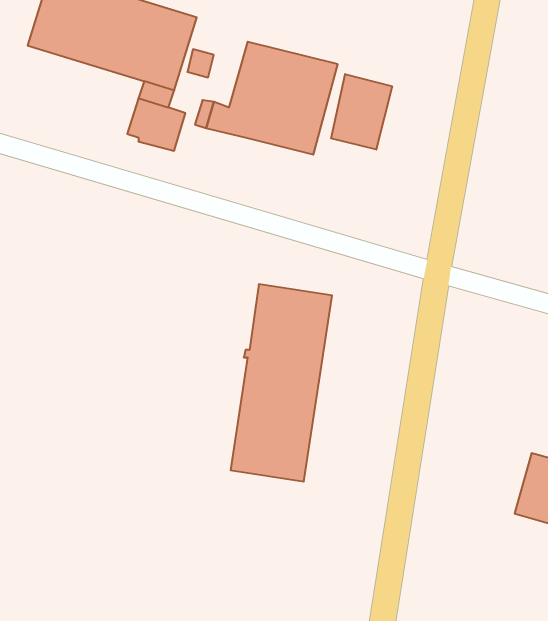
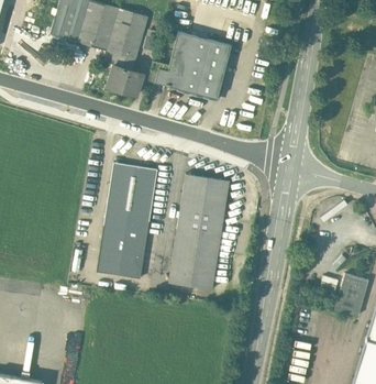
building: [331,74,392,150] -> none
building: none -> [97,163,157,278]

